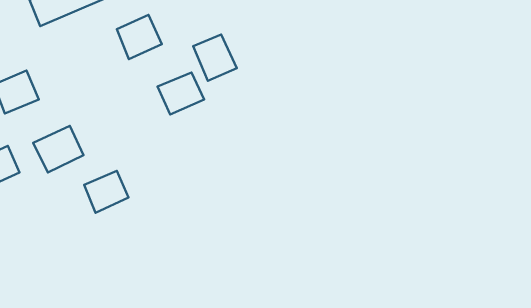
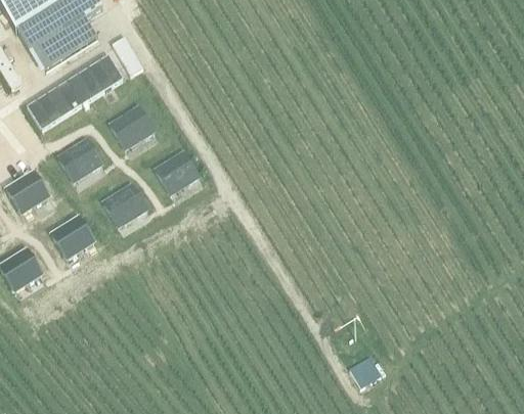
building: [193,35,237,81] -> none
building: none -> [58,139,101,181]
building: [84,171,129,213] -> [103,185,145,226]

